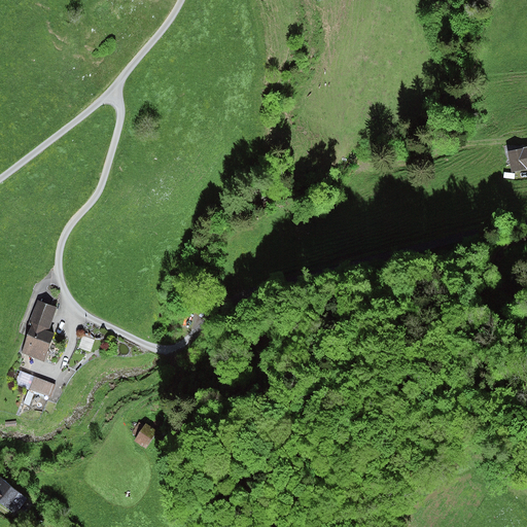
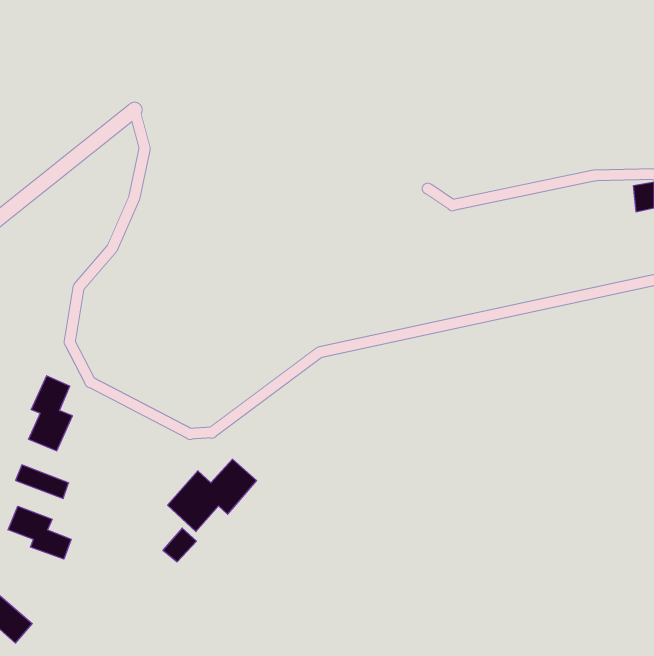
building: none -> [168,459,257,532]
building: none -> [8,506,71,559]

